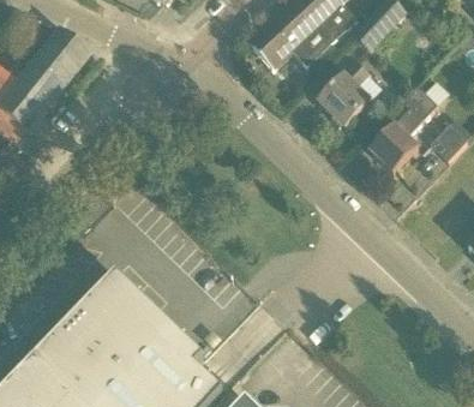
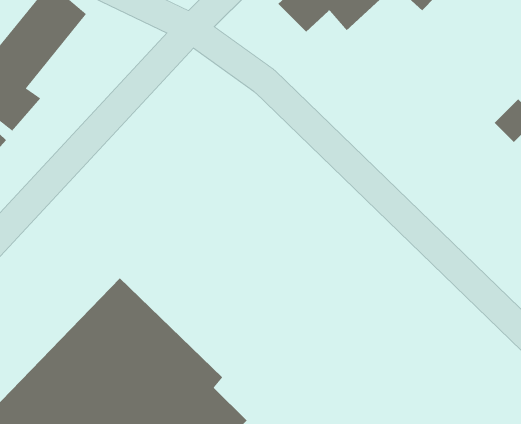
building: [318,61,370,125] -> none
building: [368,84,438,172] -> none

